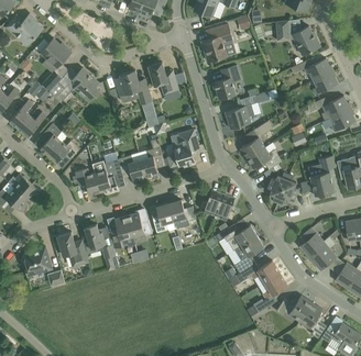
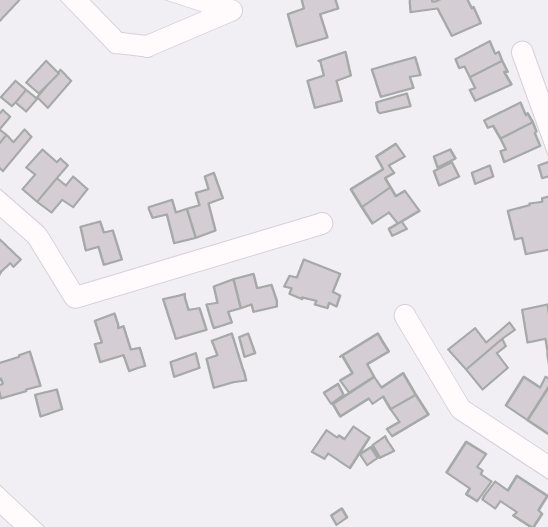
building: [40,37,72,67] -> none
building: [147,62,177,93] -> none
building: [73,67,99,101] -> none
building: [114,69,158,126] -> none
building: [225,103,254,127] -> [372,57,421,97]
building: [166,129,198,166] -> none
building: [309,155,336,196] -> none
building: [92,159,121,190] -> none
building: [267,171,298,203] -> none
building: [110,214,134,247] -> [207,334,246,388]
building: [221,223,256,249] -> none
building: [57,231,87,266] -> none
building: [275,294,310,320] -> [312,427,370,468]

